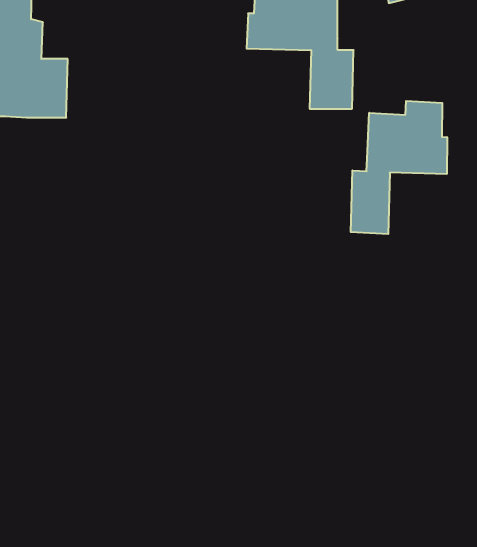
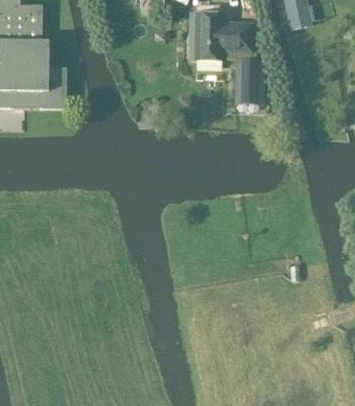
building: [351,101,447,234] -> none

